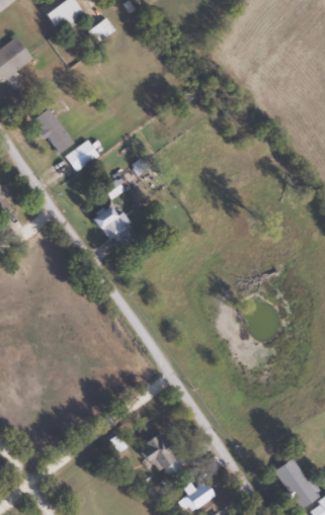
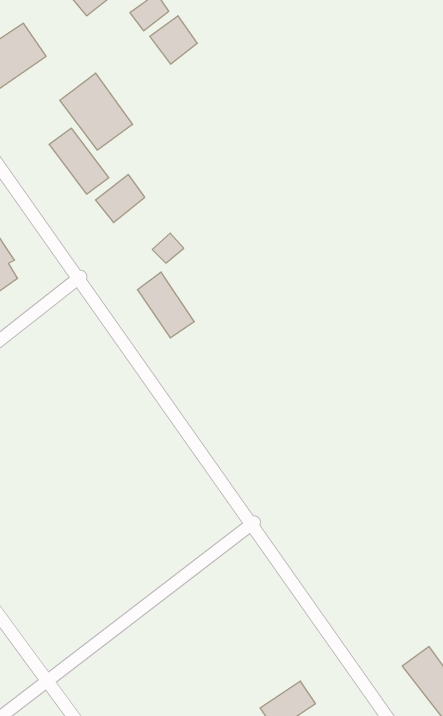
building: none -> [150,16,197,64]
building: none -> [60,73,133,150]
building: [142,432,181,475] -> none

